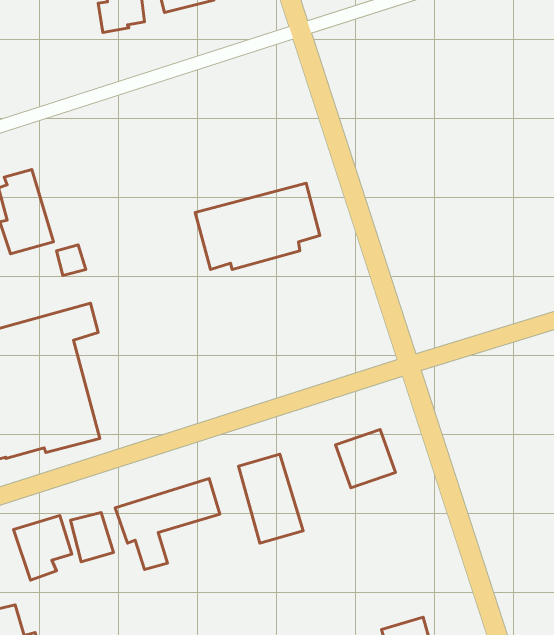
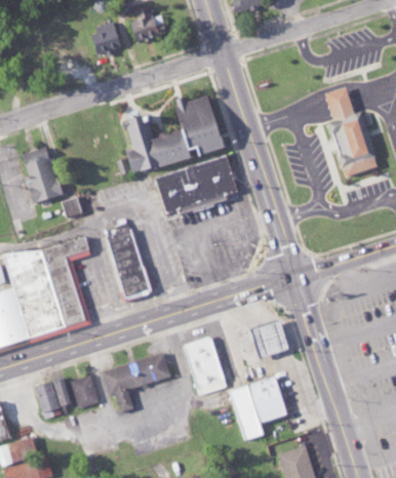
building: none -> [324,87,378,176]
building: none -> [119,96,222,174]
building: none -> [108,226,151,300]
building: none -> [230,377,285,440]

